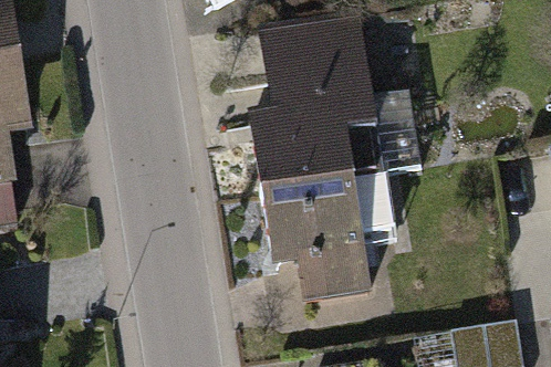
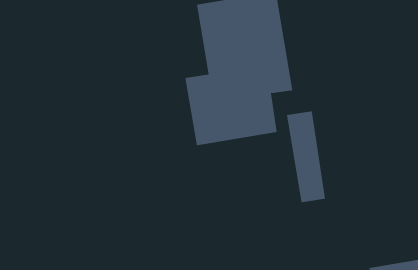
building: [258,175,370,300] -> none

